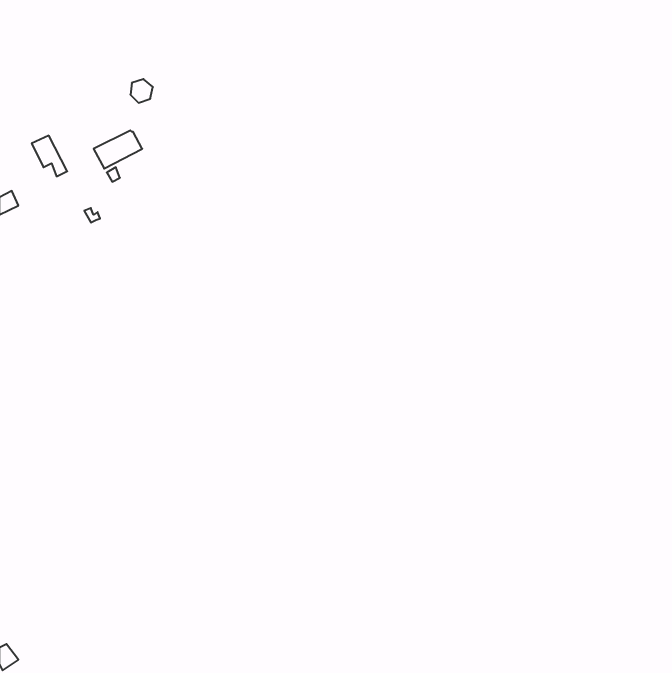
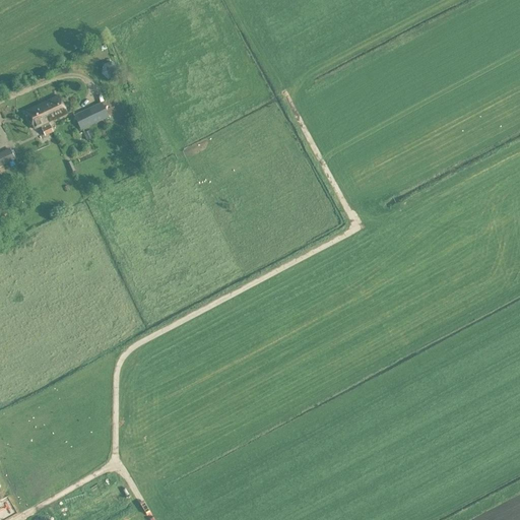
building: none -> [38,95,65,132]

